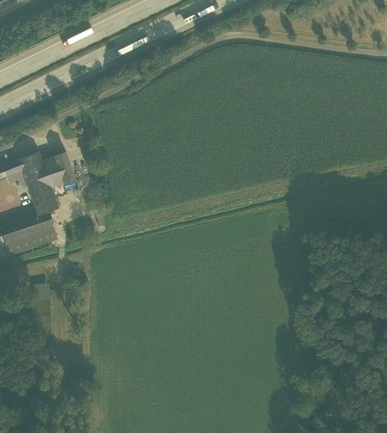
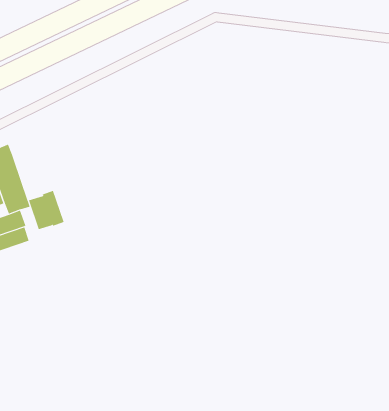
building: [43,153,76,189] -> [28,190,65,230]

